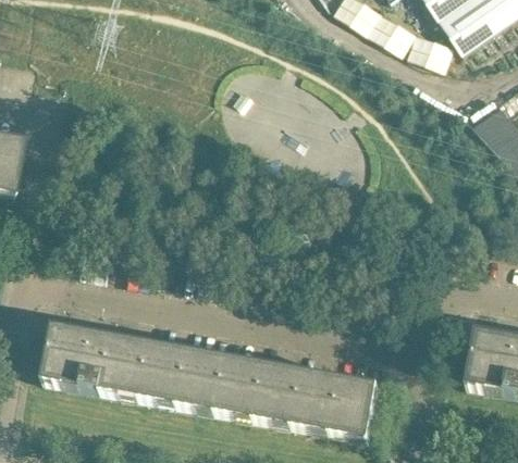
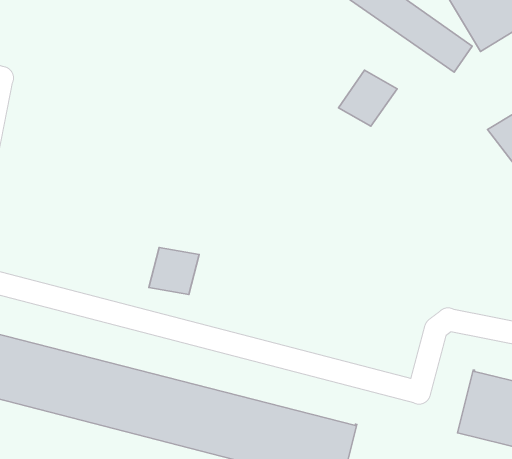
building: none -> [338,70,397,126]
building: none -> [149,247,199,294]

